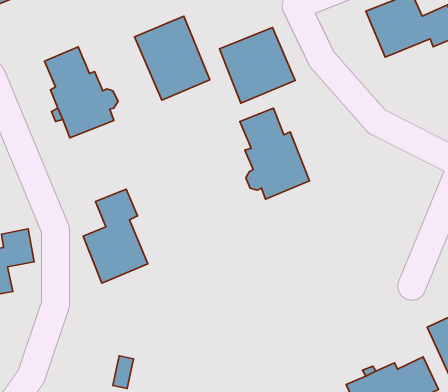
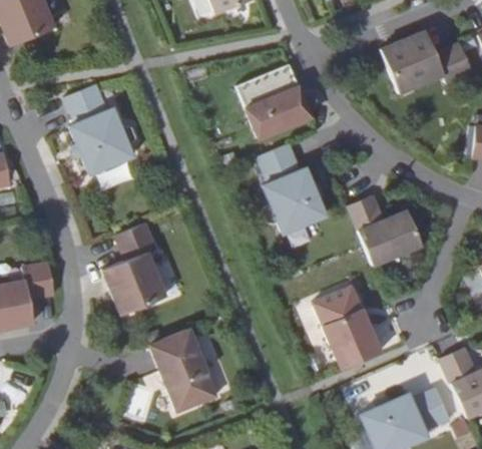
building: [135,16,210,100] -> none
building: none -> [348,195,421,266]
building: none -> [312,286,381,370]
building: none -> [150,329,218,413]

